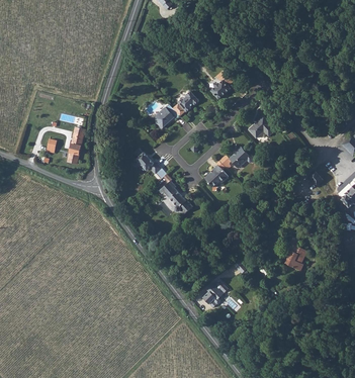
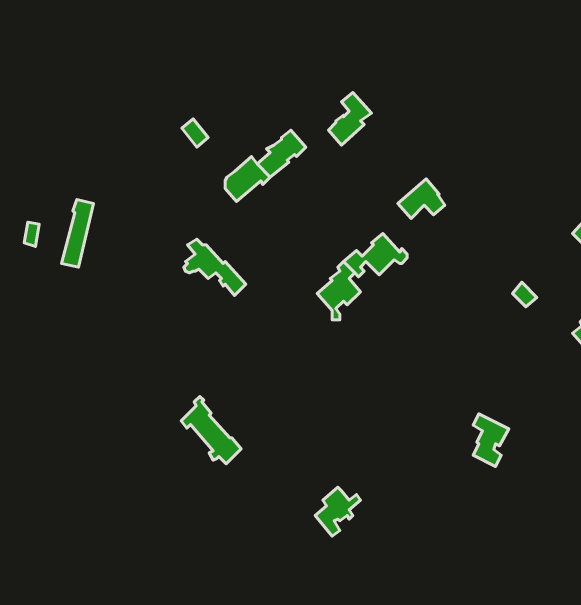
building: [159,178,191,214] -> [181,396,241,464]

